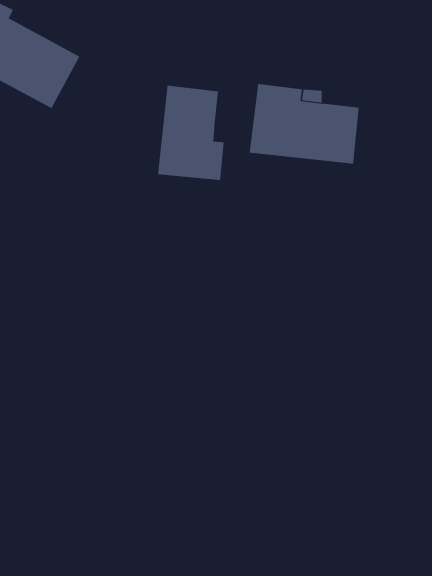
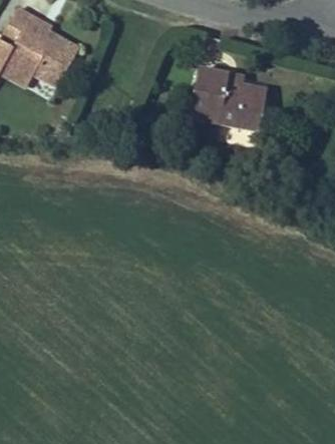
building: [158,85,224,181] -> none

